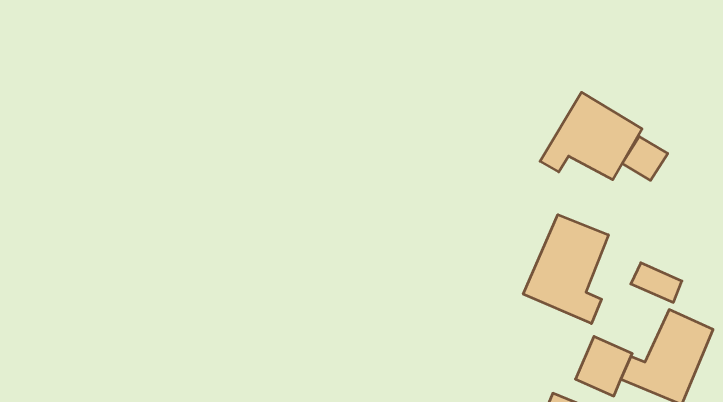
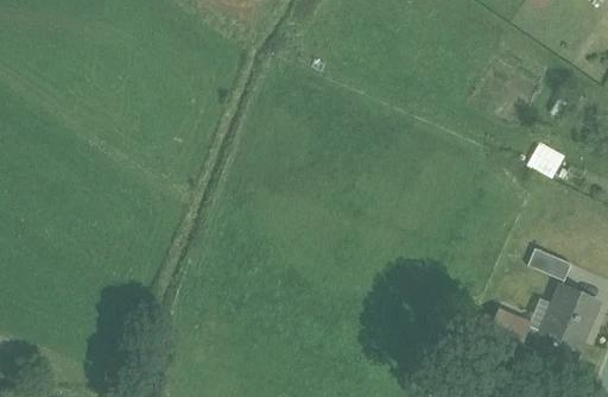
building: [540,92,642,180] -> none
building: [523,215,608,324] -> none

